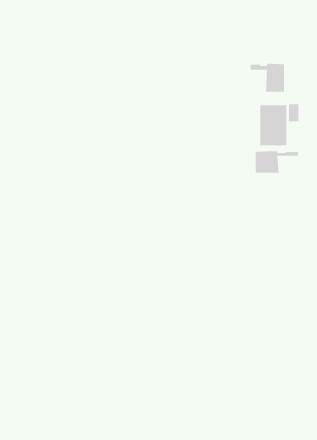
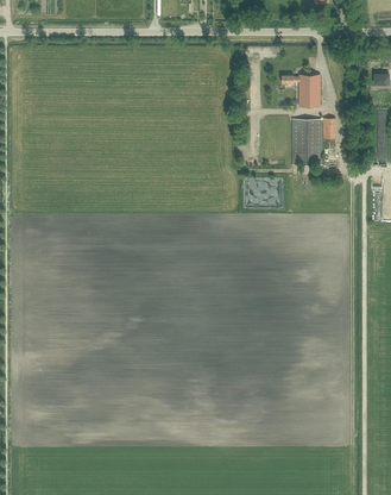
building: [255,150,299,173] -> none

